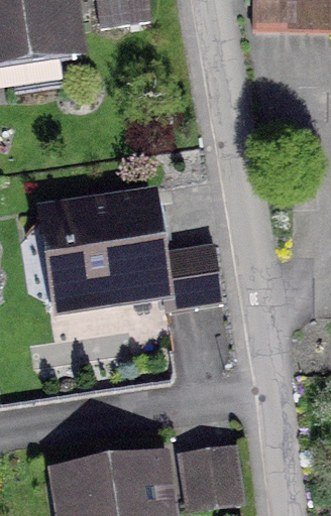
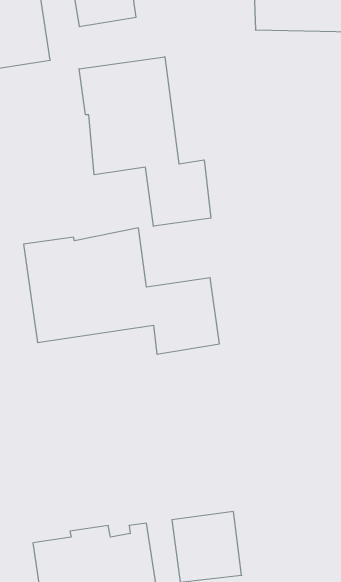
building: none -> [79,57,211,226]

